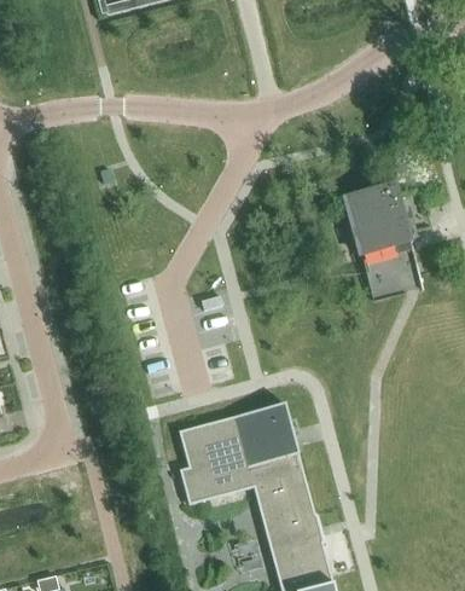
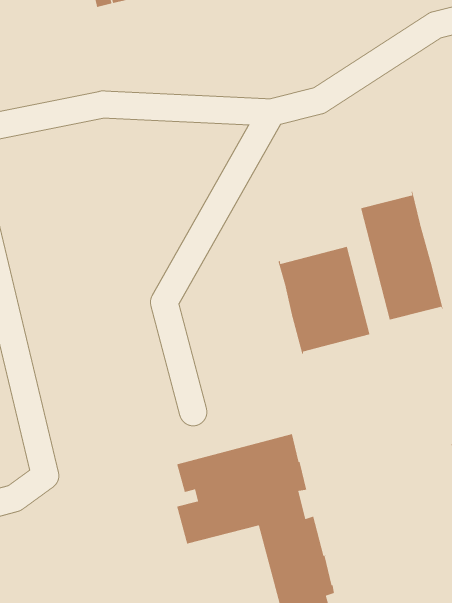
building: none -> [277,246,370,354]

